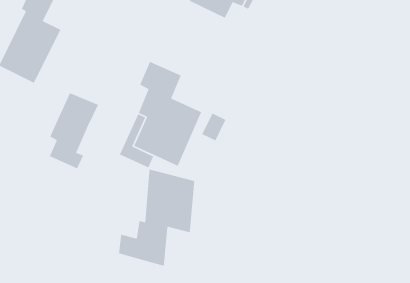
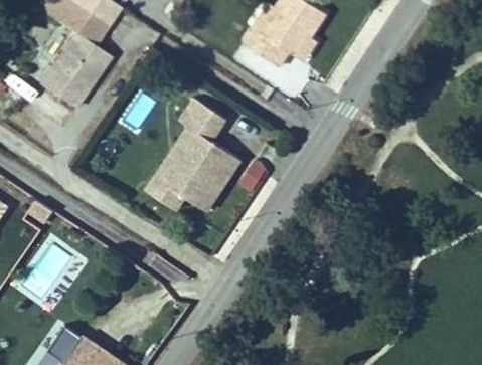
building: [49,92,99,169] -> none
building: [118,169,195,267] -> none

